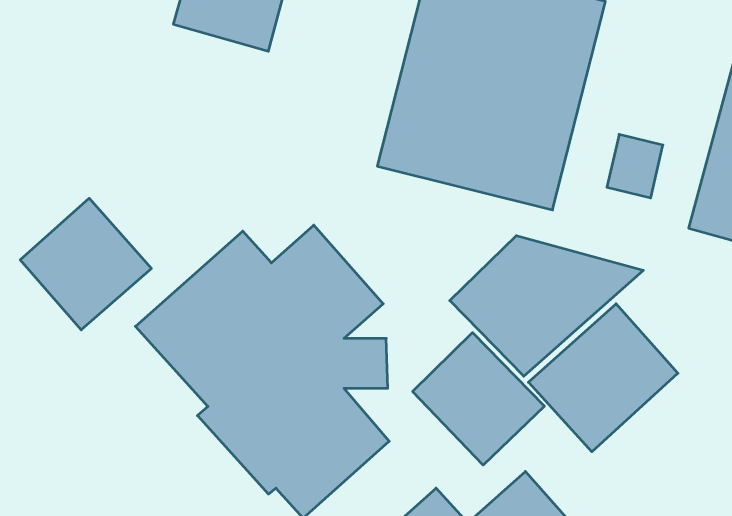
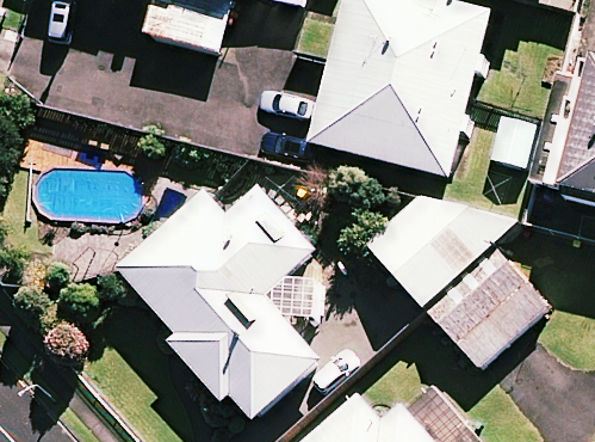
building: [20,198,151,330] -> none
building: [413,333,544,465] -> none

